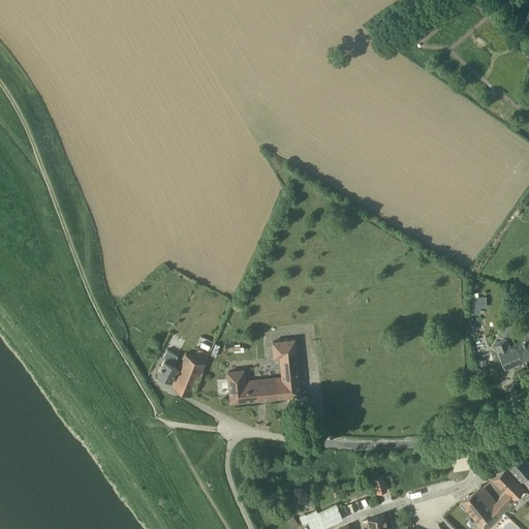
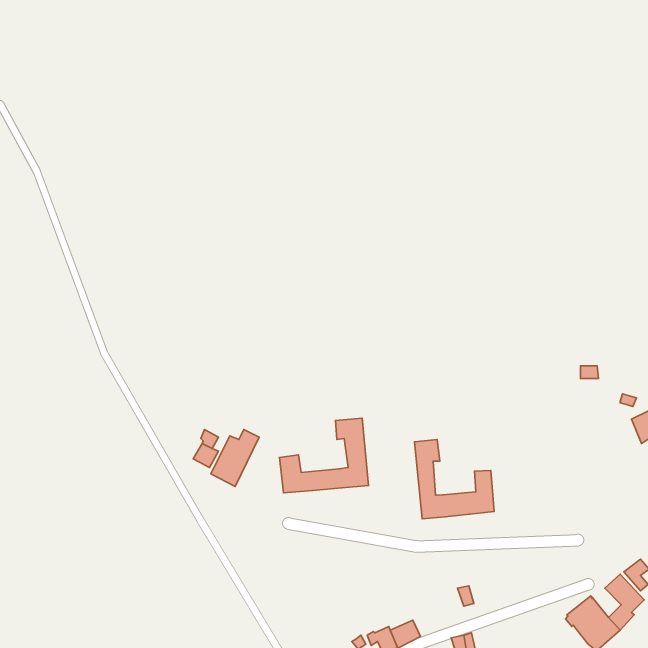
building: [494,340,523,369] -> none
building: none -> [415,440,494,519]

